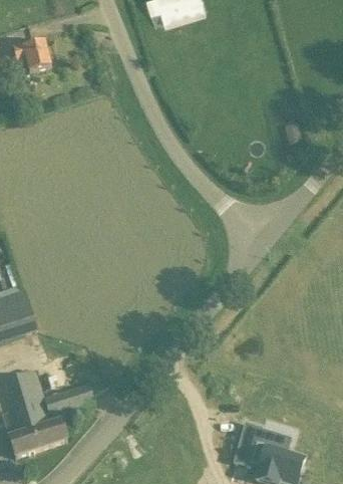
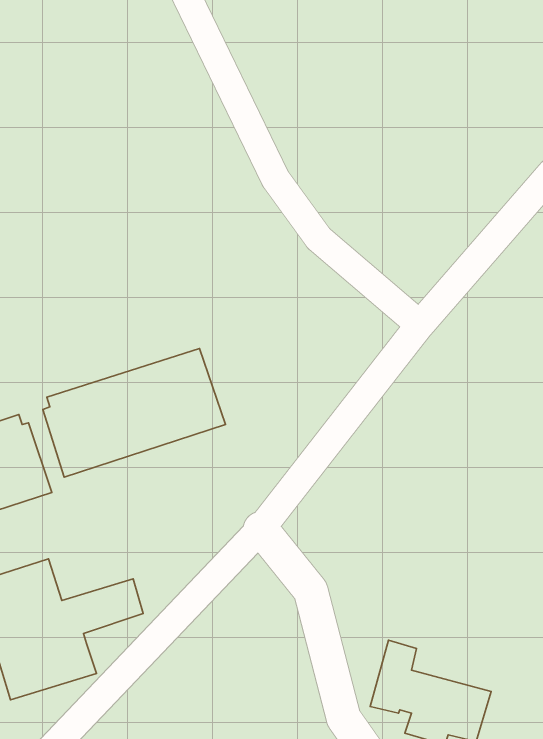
building: [13,40,50,69] -> none
building: none -> [43,348,225,477]

